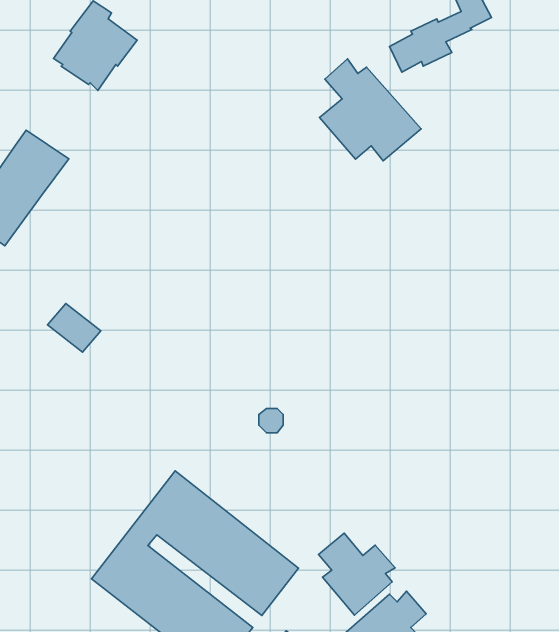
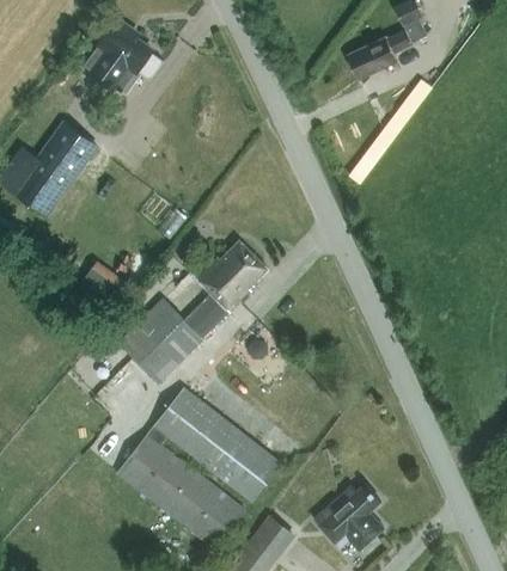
building: [320,59,421,161] -> none
building: none -> [117,242,265,385]
building: [318,533,395,615] -> none

